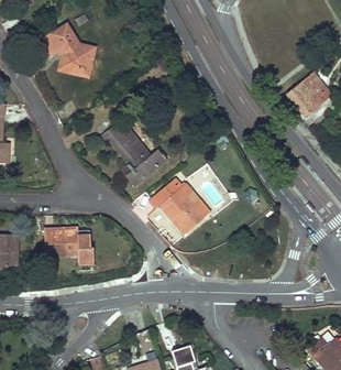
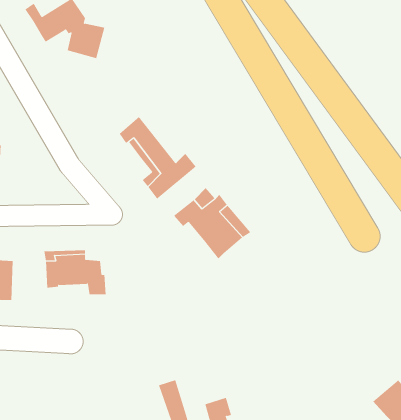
building: [287,67,326,116] -> none

